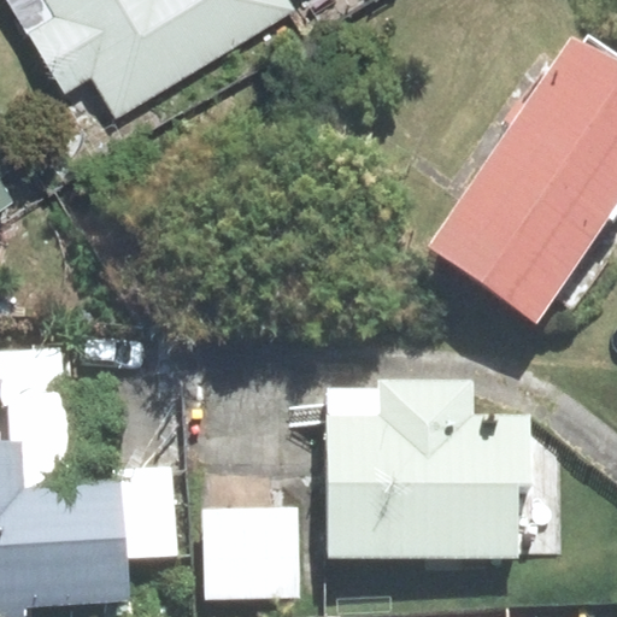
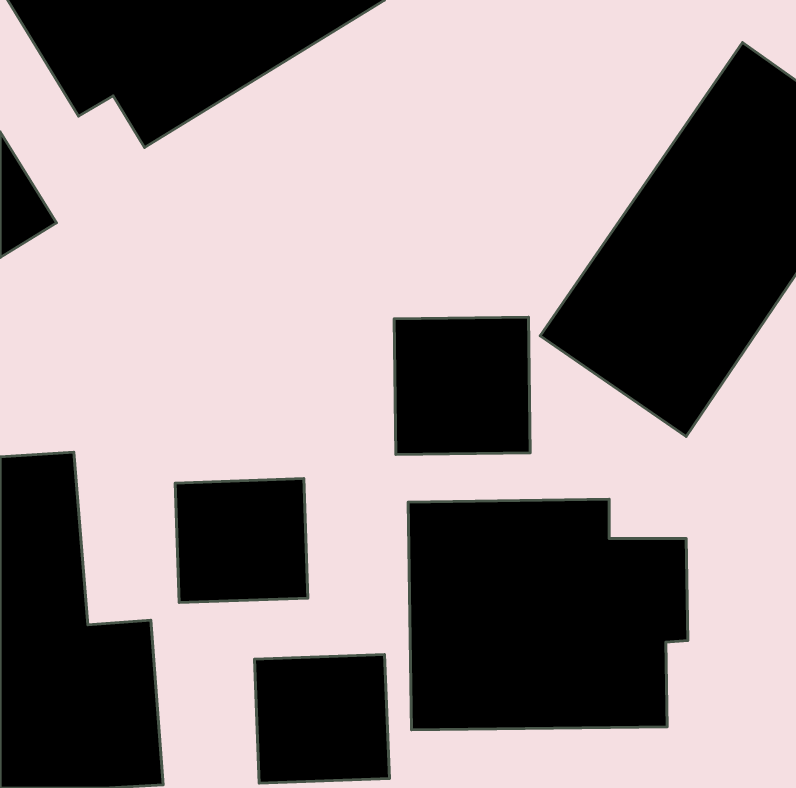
building: none -> [394,317,530,455]
building: none -> [175,479,308,603]

